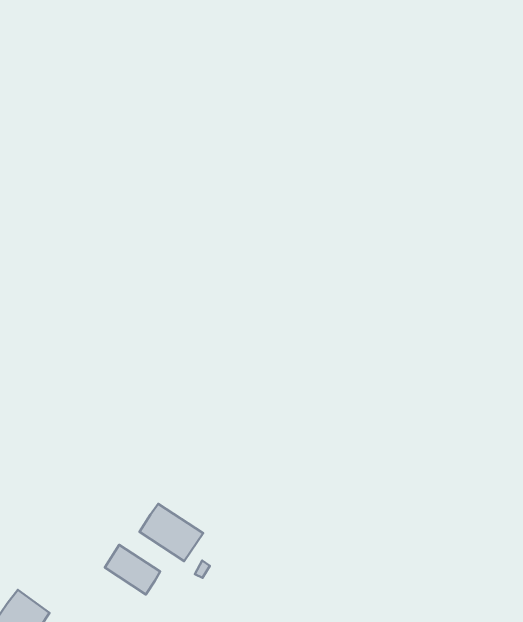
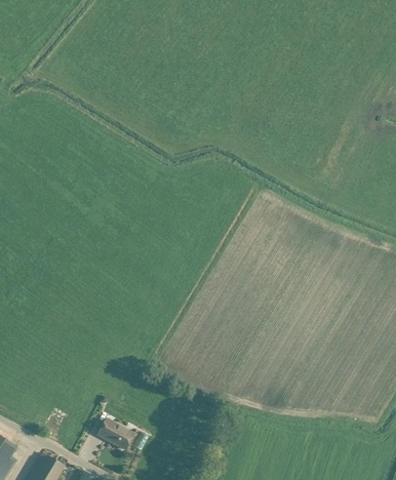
building: [139,504,203,561] -> none

